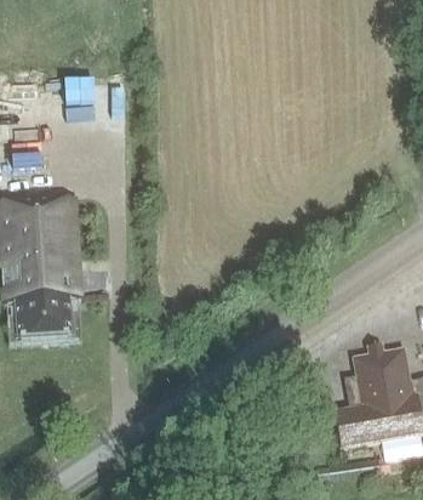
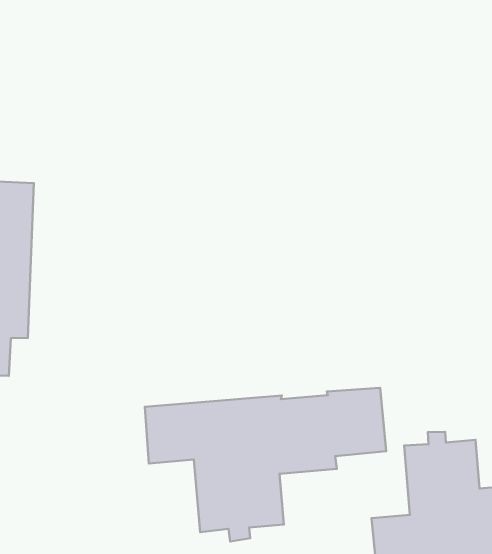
building: none -> [145,388,386,541]

